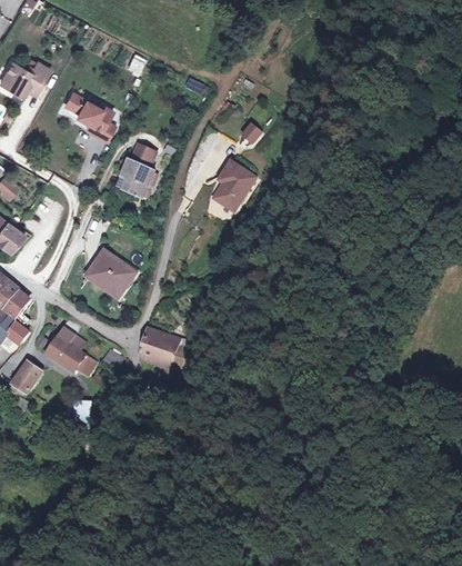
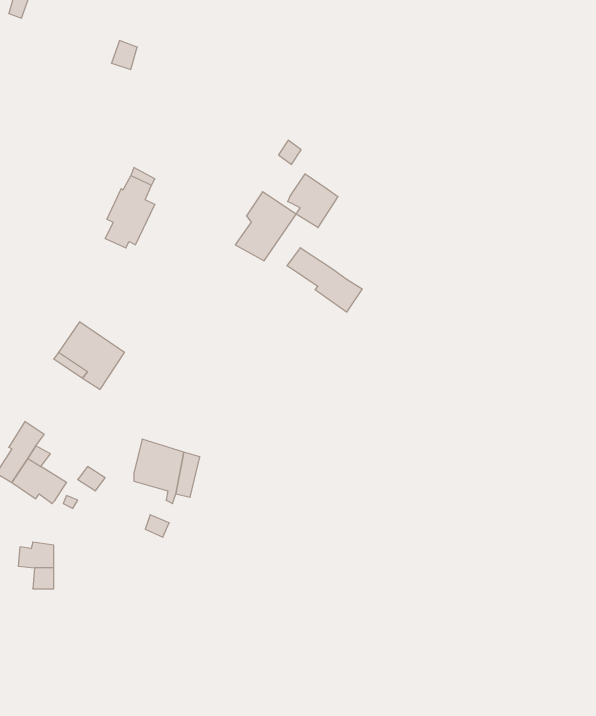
building: [66,91,113,140] -> none
building: none -> [288,174,338,228]
building: none -> [287,248,362,312]

